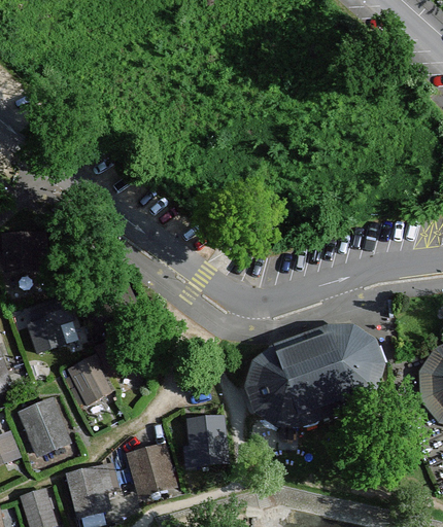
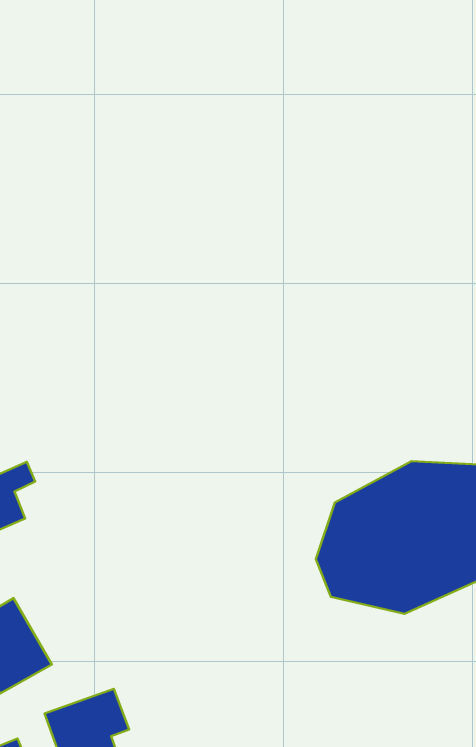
building: [66,354,112,405] -> none
building: [182,414,229,466] -> none
building: [126,442,177,497] -> none

